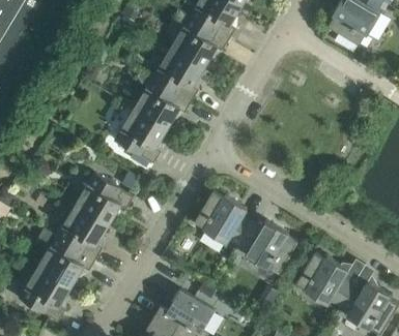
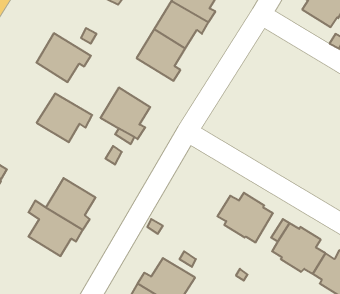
building: [134,78,192,129] -> [36,33,91,82]
building: [75,174,134,225] -> [37,94,92,142]
building: [195,191,252,245] -> none
building: [19,267,72,322] -> none

